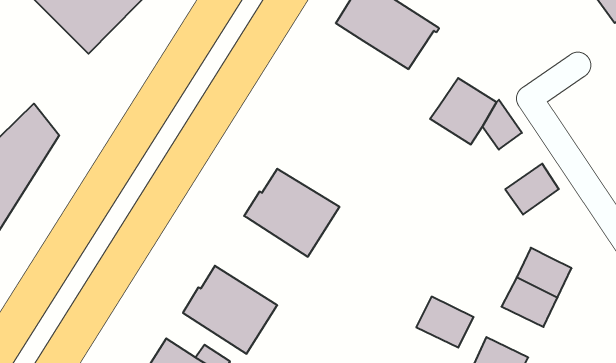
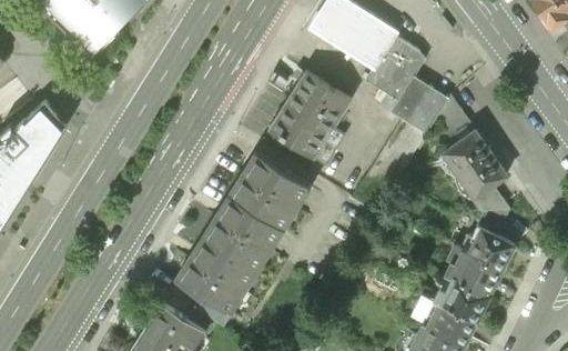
building: none -> [365,34,425,100]
building: none -> [270,73,349,164]
building: none -> [443,130,488,172]
building: none -> [471,181,509,232]
building: none -> [202,197,284,273]
building: [416,297,474,348] -> [439,274,489,319]

